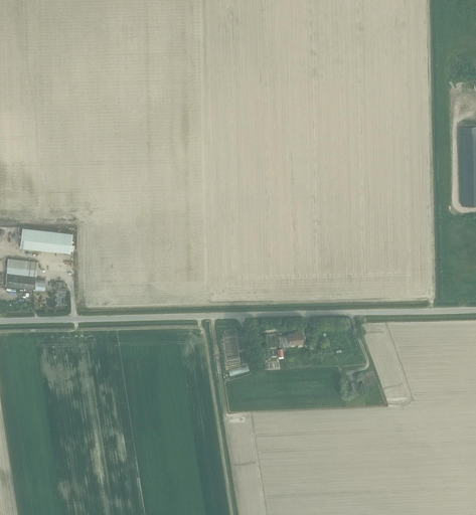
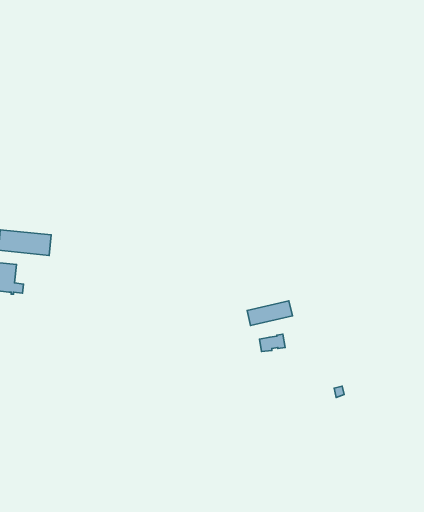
building: none -> [247,301,292,326]

